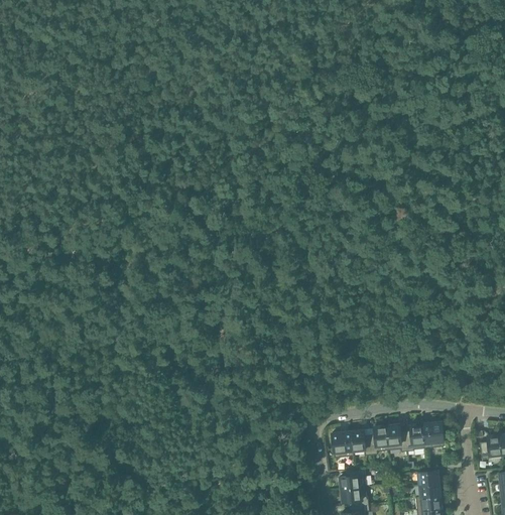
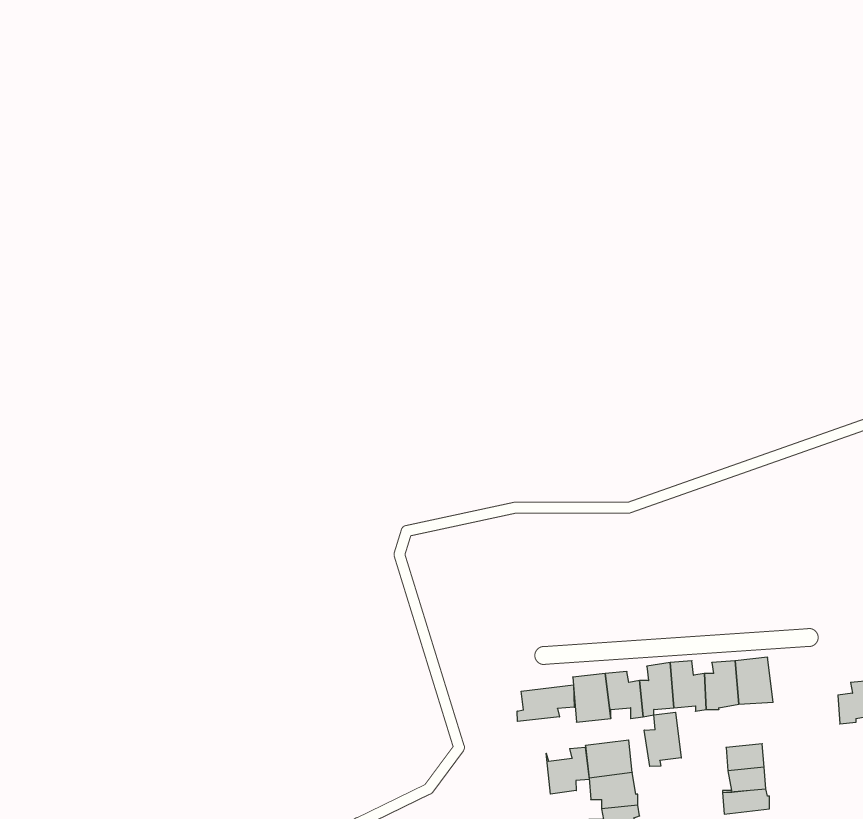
building: none -> [517,685,574,721]
building: none -> [644,712,681,766]
building: none -> [546,747,589,794]

